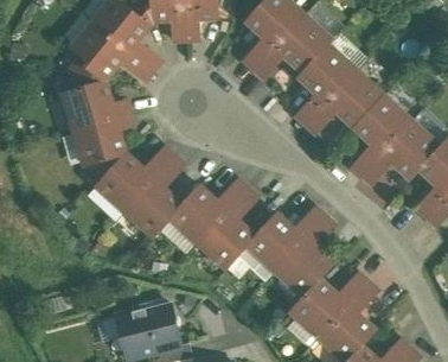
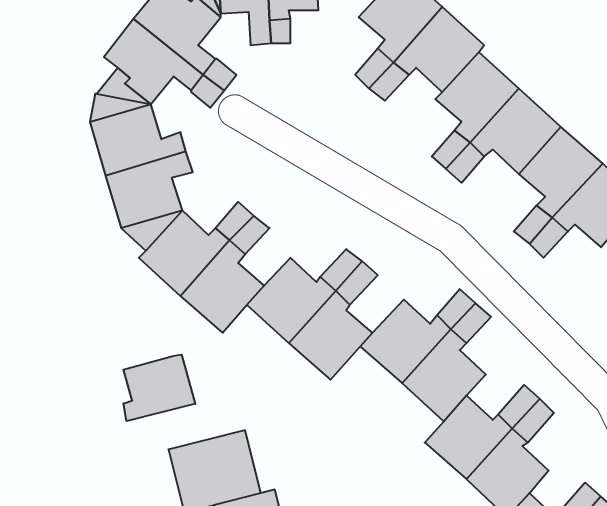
building: none -> [123,355,195,421]

